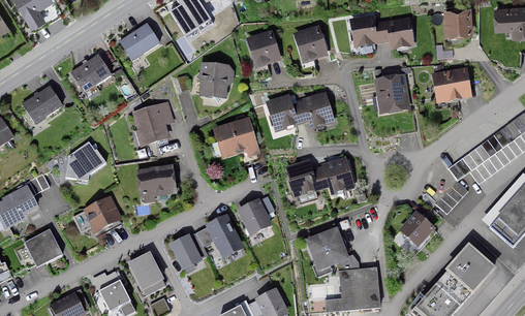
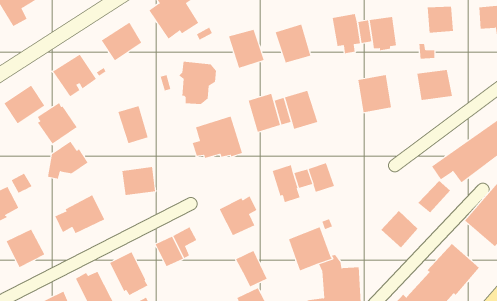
building: none -> [37,102,77,145]
building: [208,218,240,255] -> [235,250,267,287]

